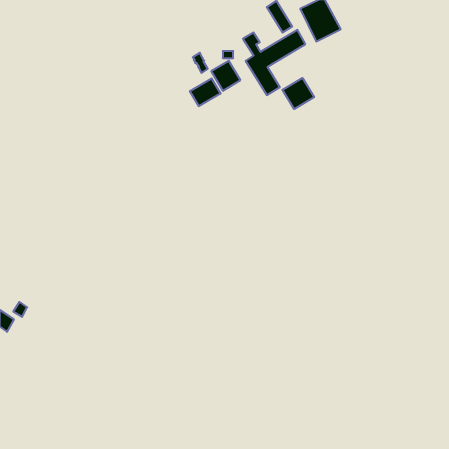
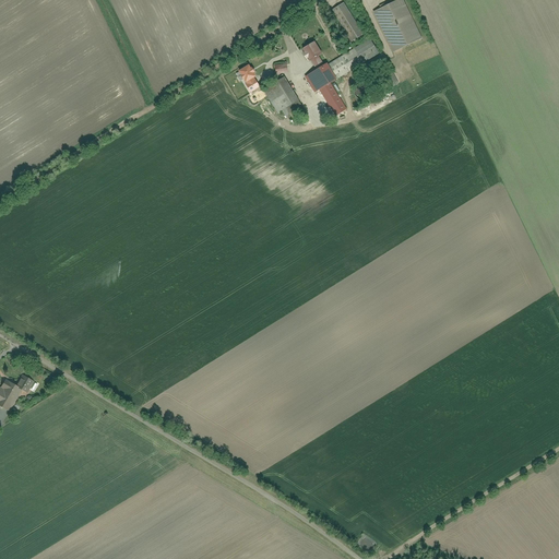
building: [282,78,314,109] -> none
building: [190,78,221,106] -> none

